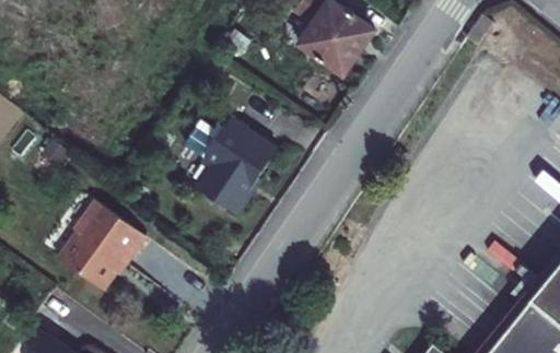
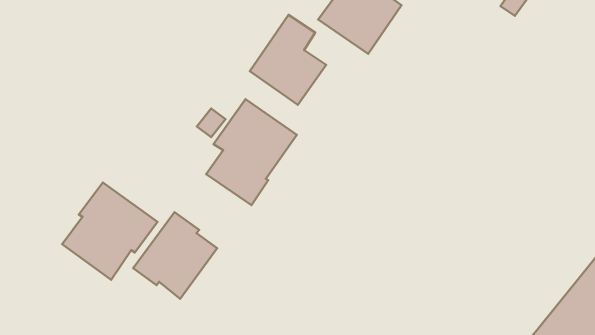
building: none -> [250,15,326,105]
building: none -> [133,212,217,299]

